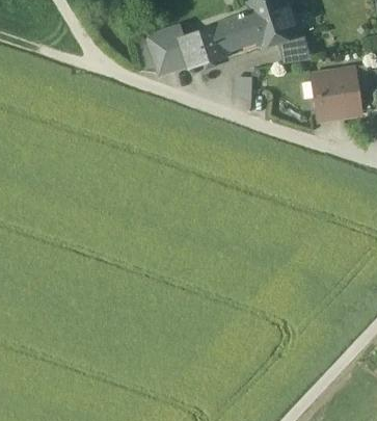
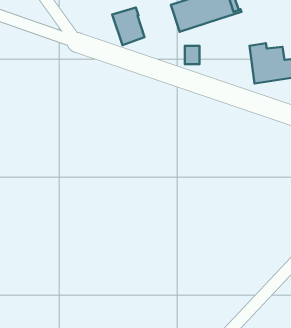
building: [180,25,230,69] -> none
building: [277,33,312,63] -> none

